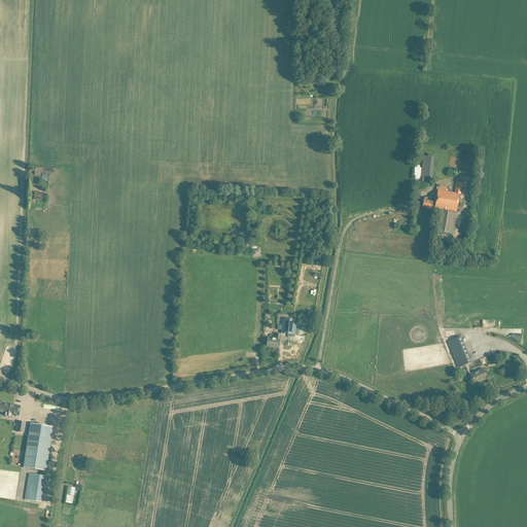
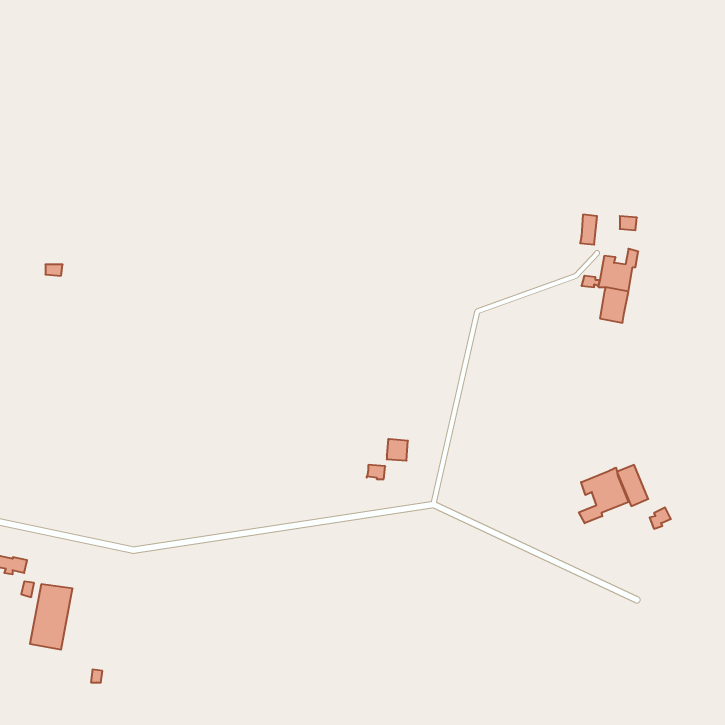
building: none -> [579,468,629,523]
building: [24,473,44,501] -> none

